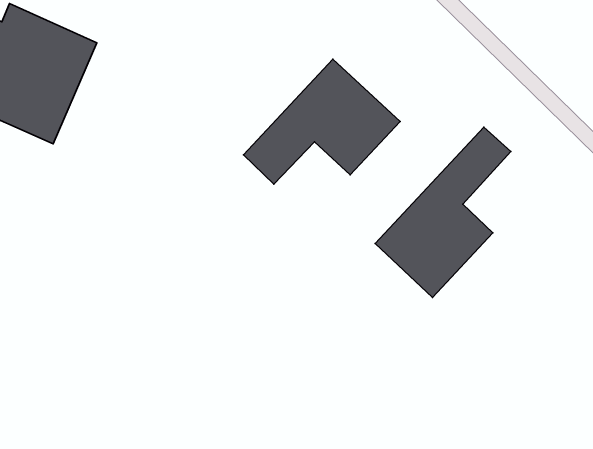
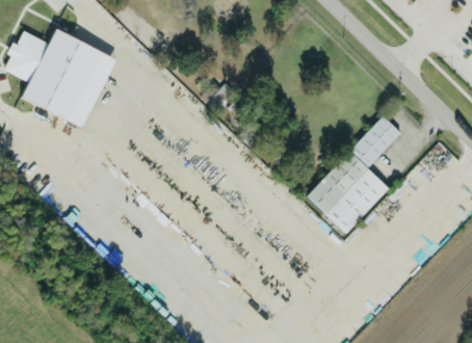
building: [243,59,400,184] -> none

